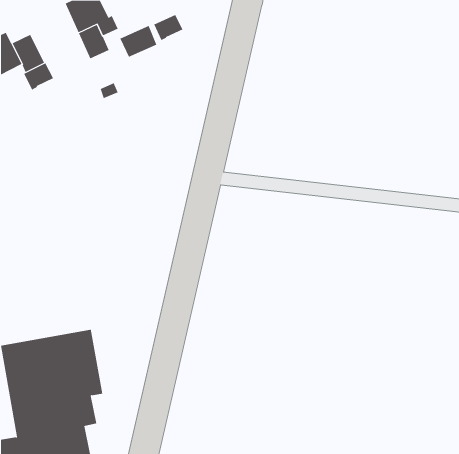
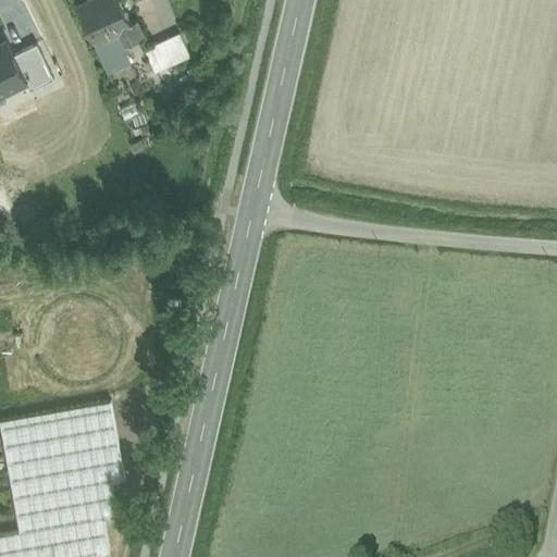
building: [154,14,183,41] -> none
building: [24,63,54,90] -> none

